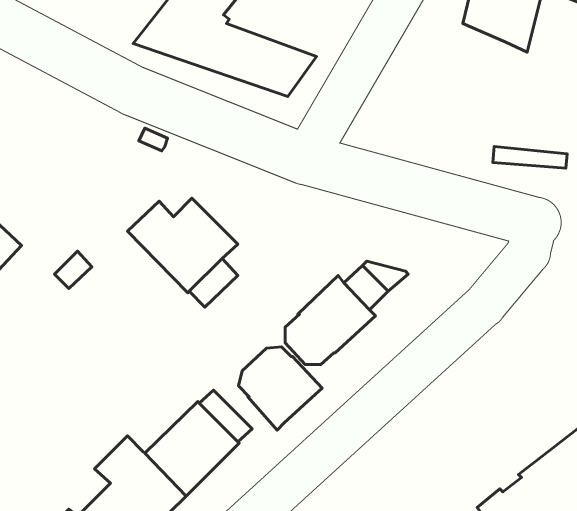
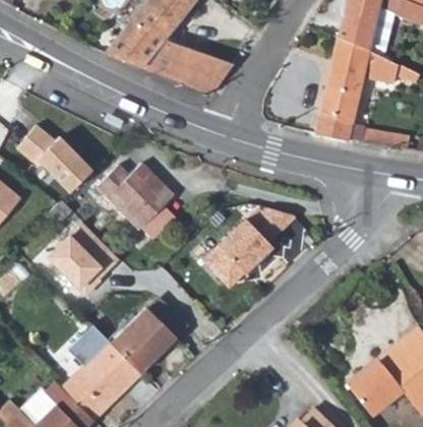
building: none -> [313,40,395,141]
building: none -> [18,125,98,195]
building: none -> [50,225,120,298]
building: [239,347,322,430] -> none

